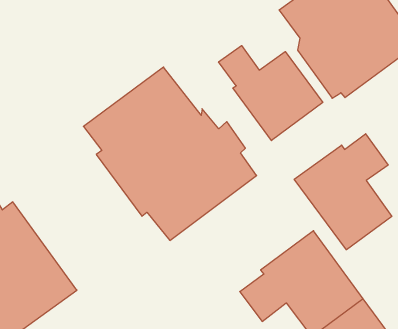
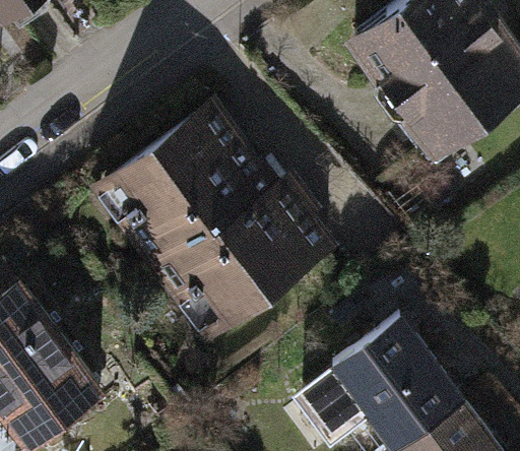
building: [219,46,323,141] -> none
building: [294,134,392,250] -> none

